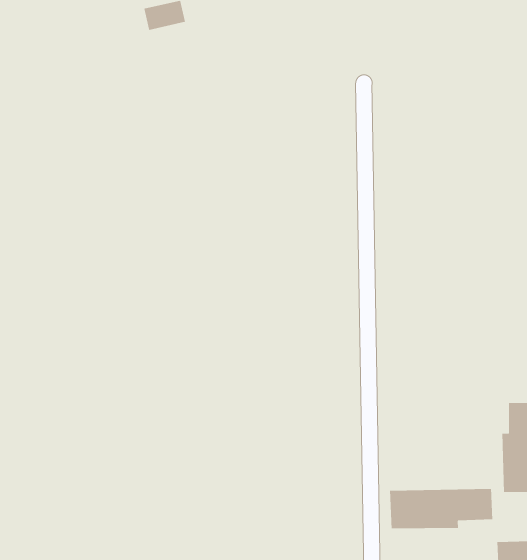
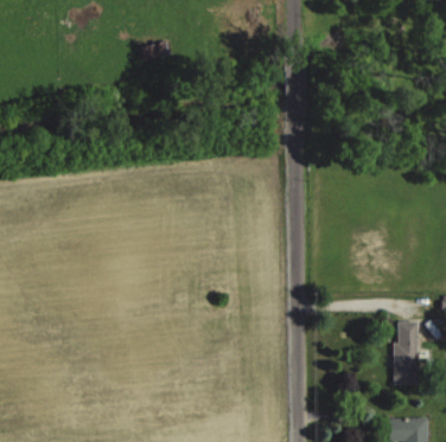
building: [390,488,493,529] -> none

